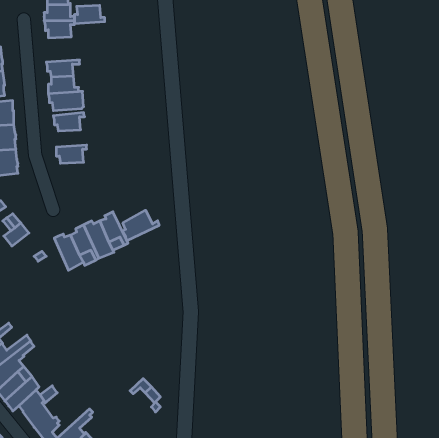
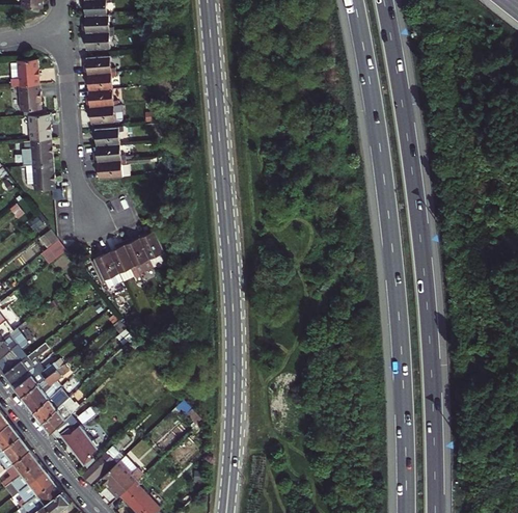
building: [74,5,105,24] -> [84,57,115,76]
building: none -> [93,145,126,163]
building: [122,210,159,241] -> none

